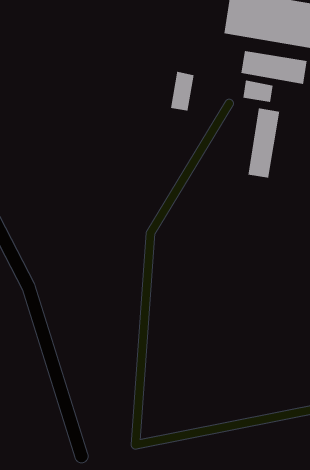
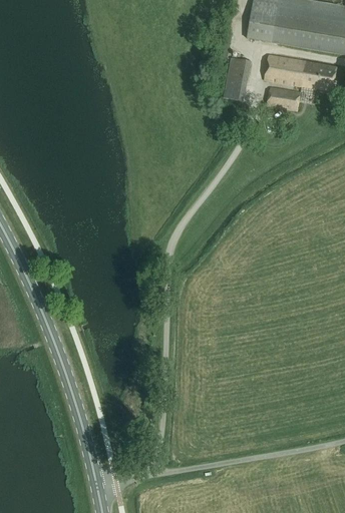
building: [170,71,195,111] -> [224,57,250,99]
building: [248,108,280,179] -> none

